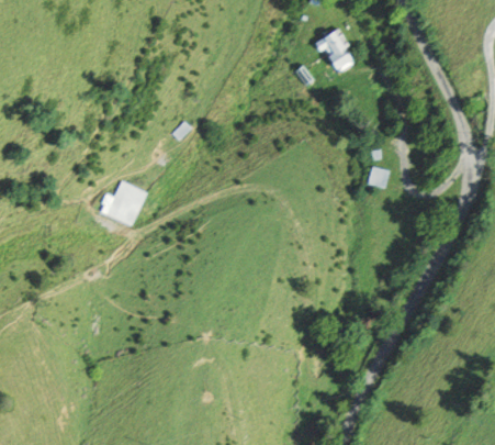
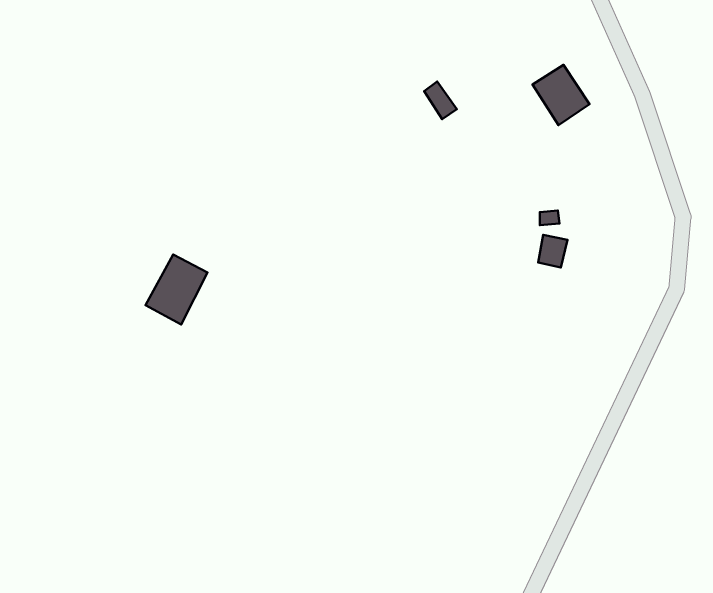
building: [316,29,355,69] -> [533,65,590,125]

